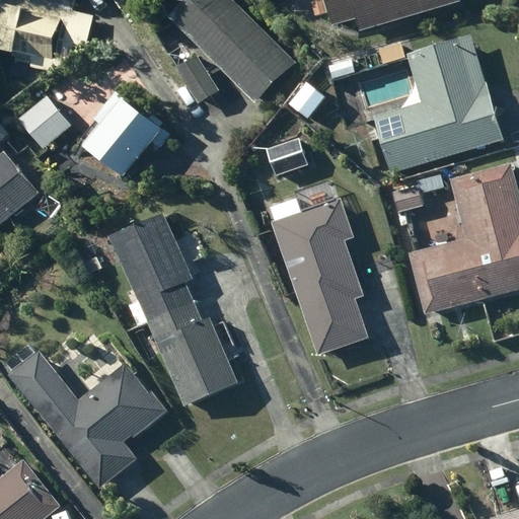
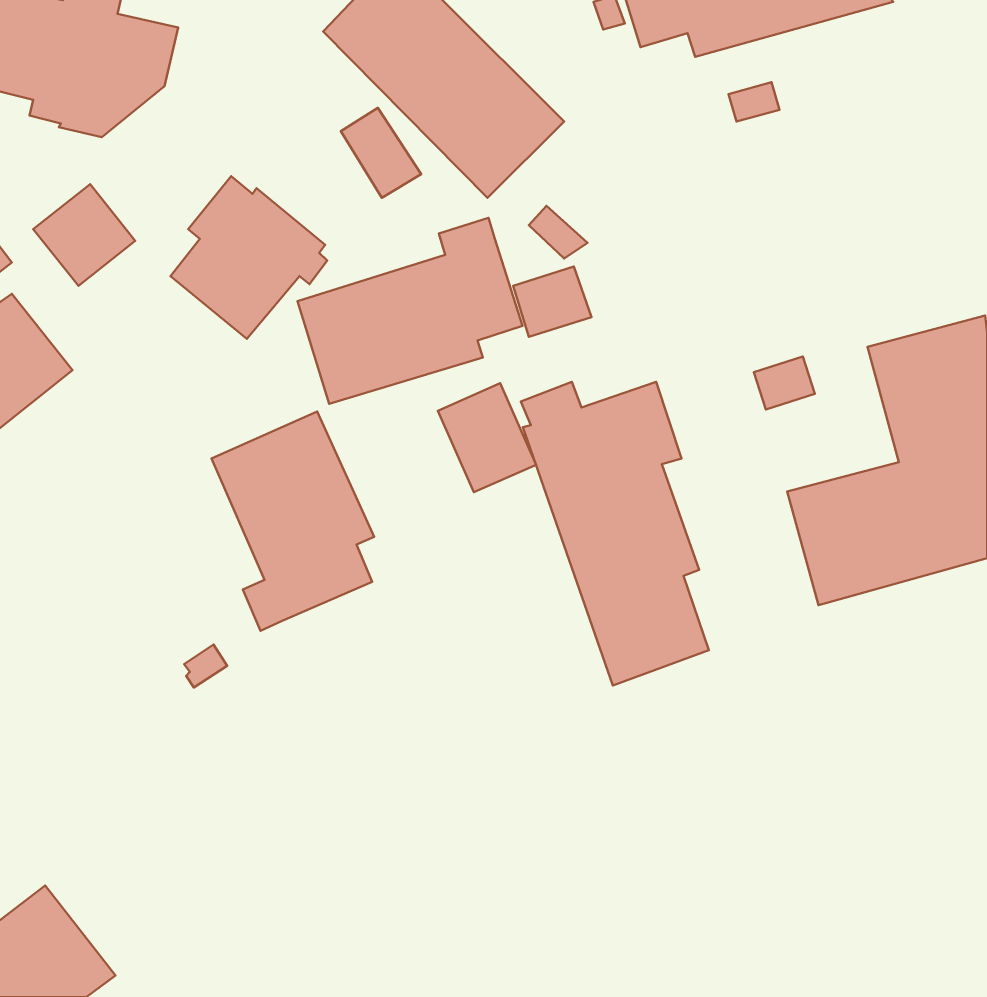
building: [373,34,503,172] -> none
building: none -> [298,218,522,404]
building: none -> [438,383,536,492]
building: [146,301,238,405] -> none
building: [10,352,166,488] -> none

